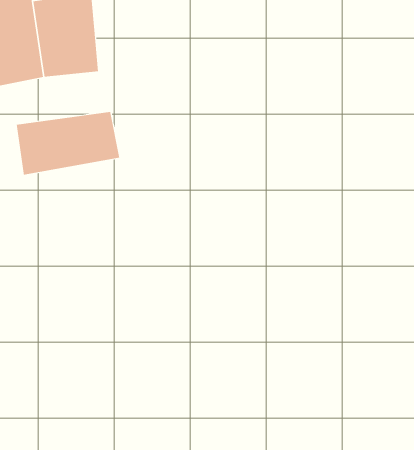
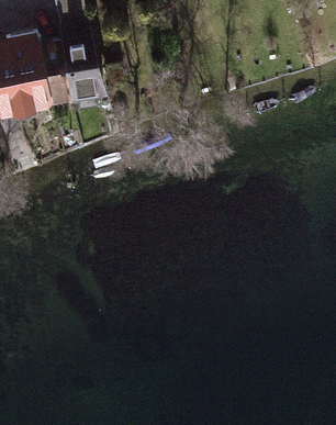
building: [16,111,120,176] -> none

